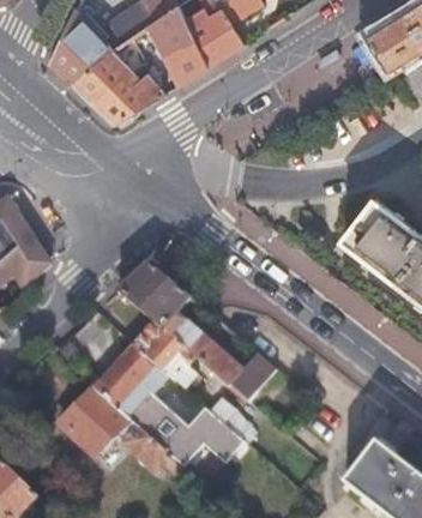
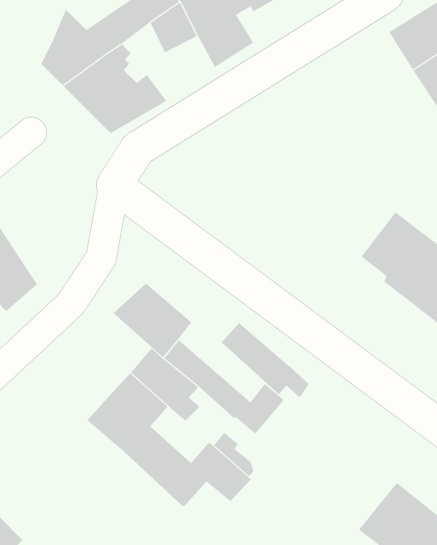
building: [164,36,210,85] -> none
building: none -> [221,322,310,398]
building: [59,385,180,475] -> none

